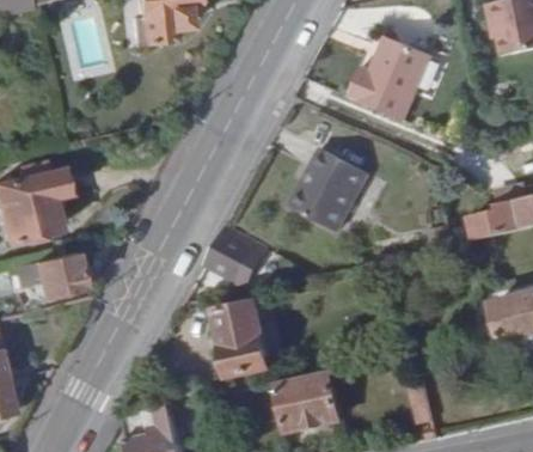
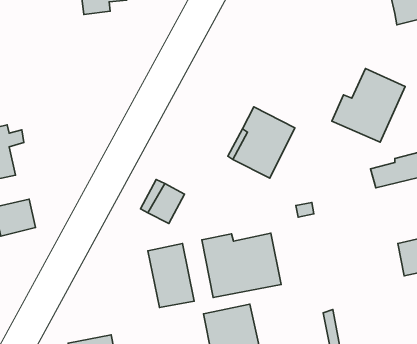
building: [357,41,441,124] -> [332,69,405,142]
building: none -> [202,233,281,297]

